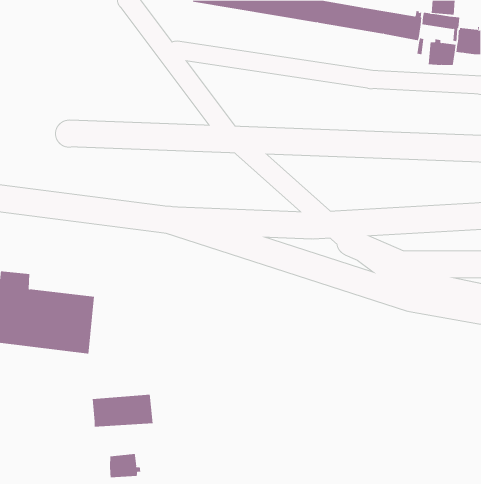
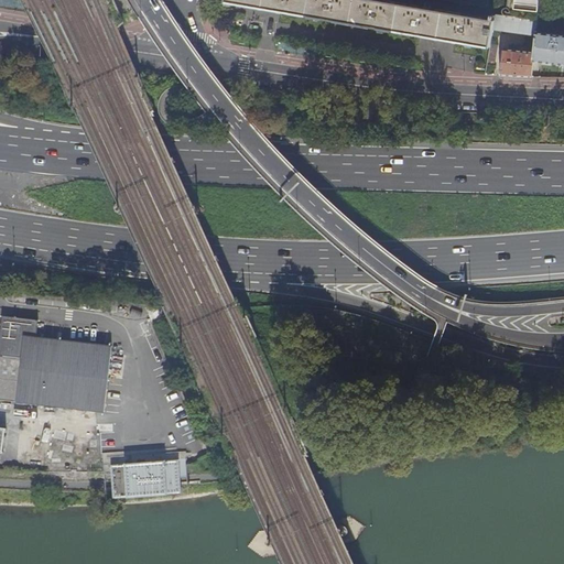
building: [109,453,141,478] -> none

